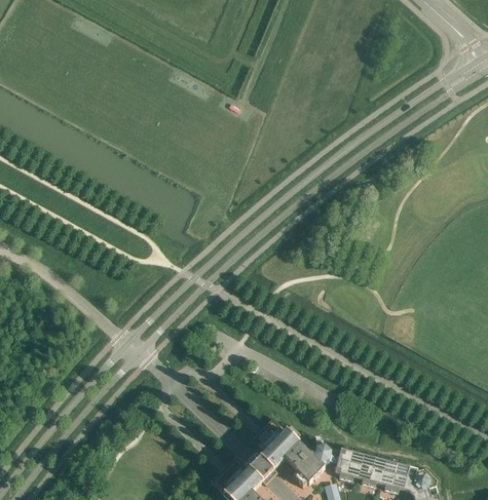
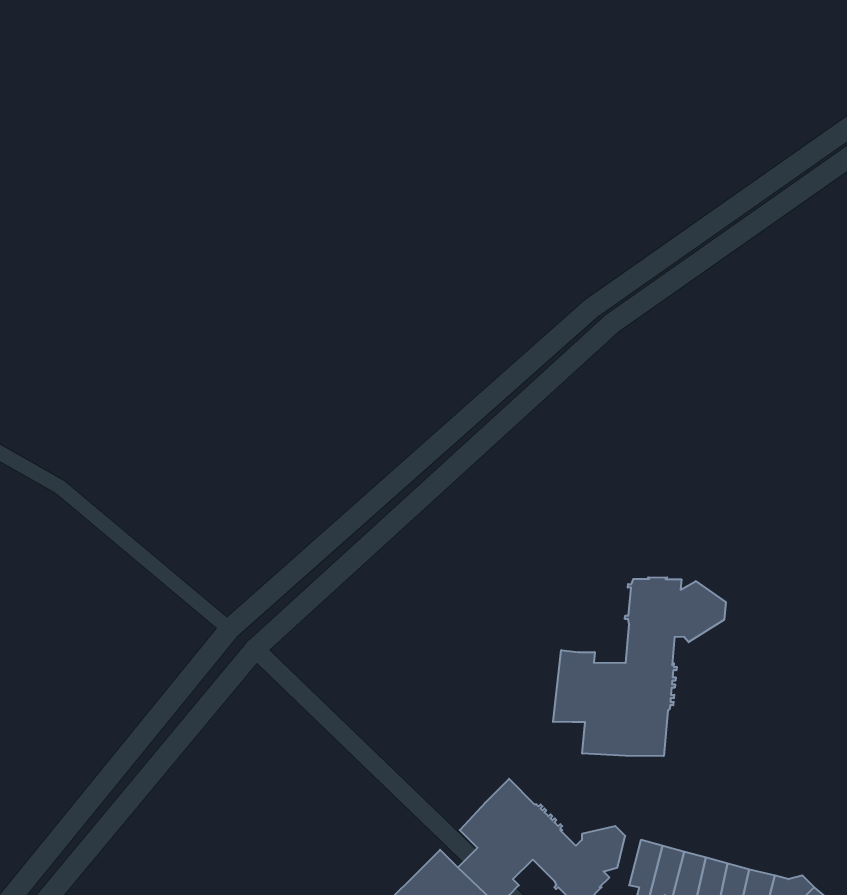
building: none -> [553,577,726,756]

